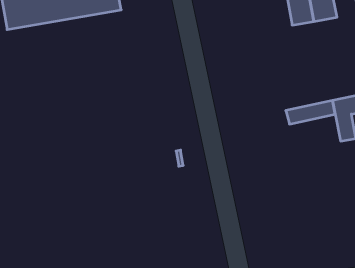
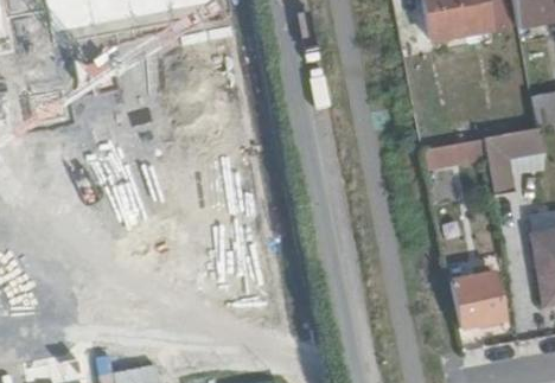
building: none -> [449,270,504,327]

